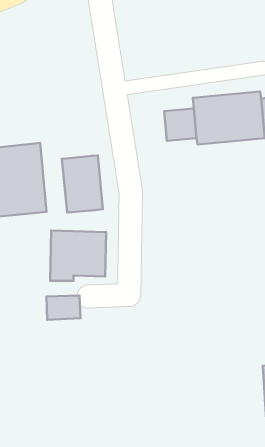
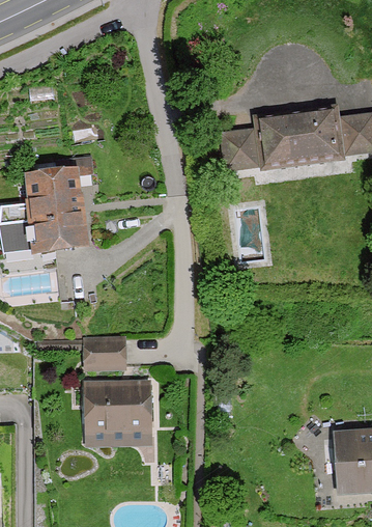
building: [62,156,103,212] -> none
building: [50,231,106,281] -> [86,379,150,437]

